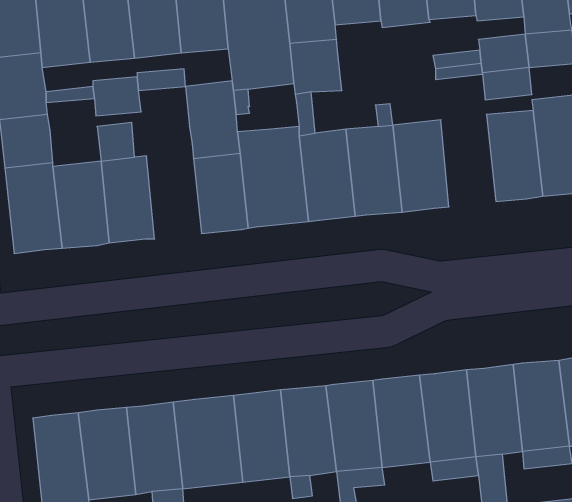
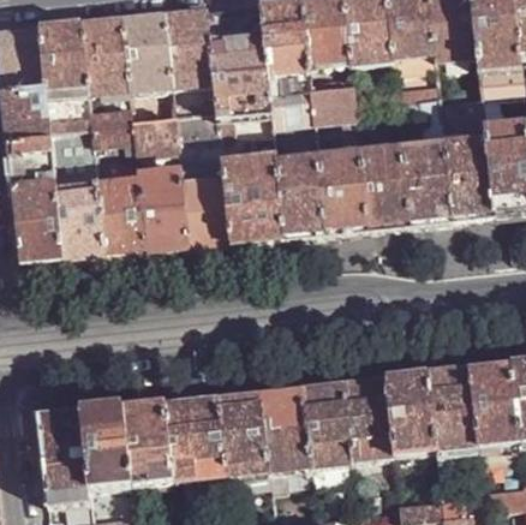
building: none -> [313,83,359,120]
building: none -> [135,115,180,155]
building: none -> [52,126,97,155]
building: none -> [406,141,455,223]
building: none -> [141,167,191,252]

